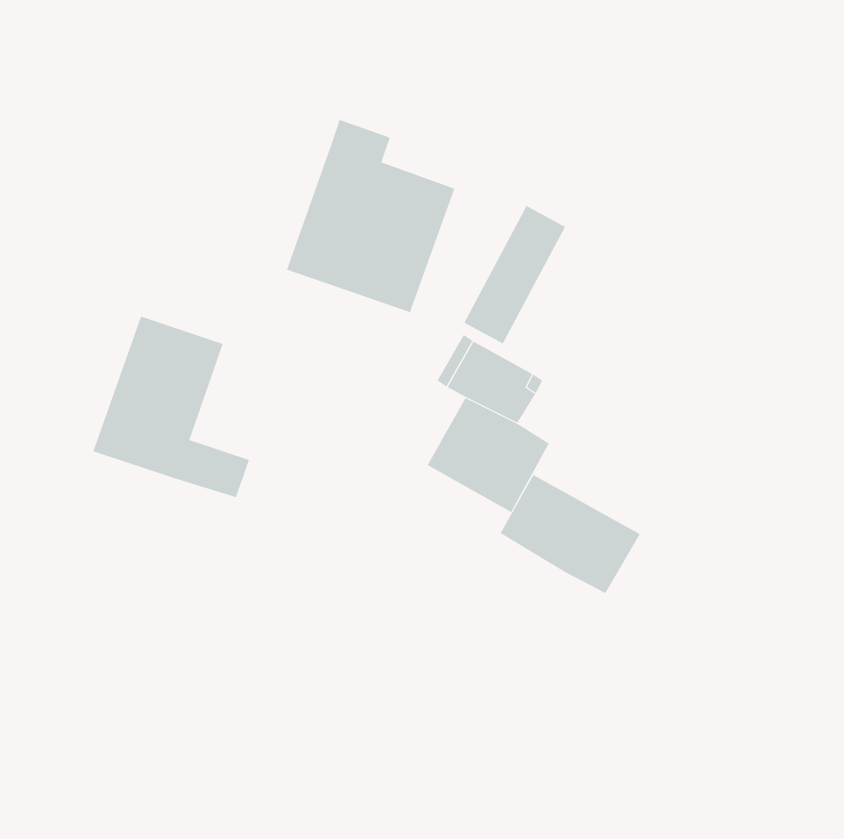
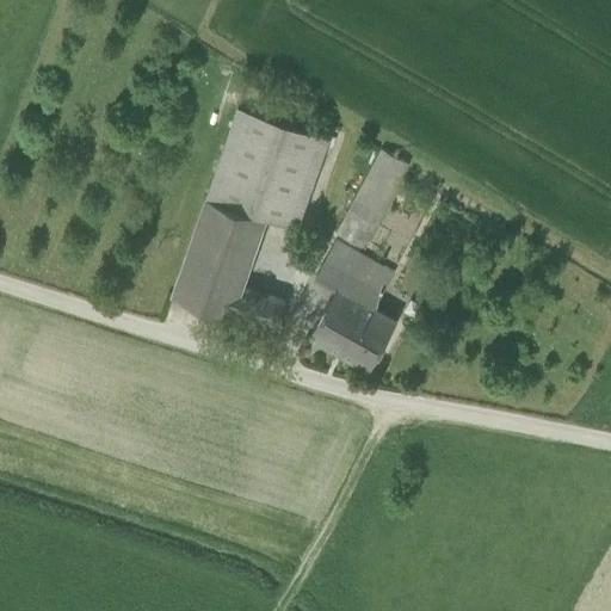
building: [93,316,250,498] -> [172,200,285,332]
building: [500,474,640,594] -> none

